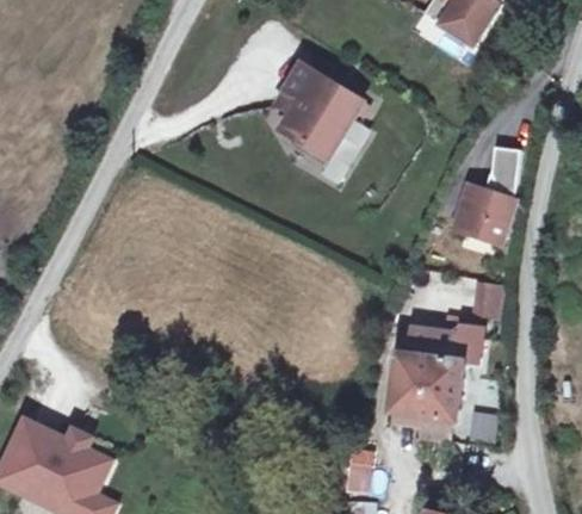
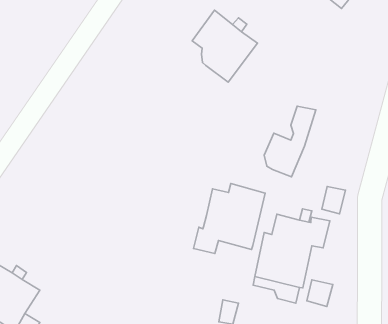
building: [459,147,521,242] -> [264,106,316,177]
building: none -> [193,183,265,254]

